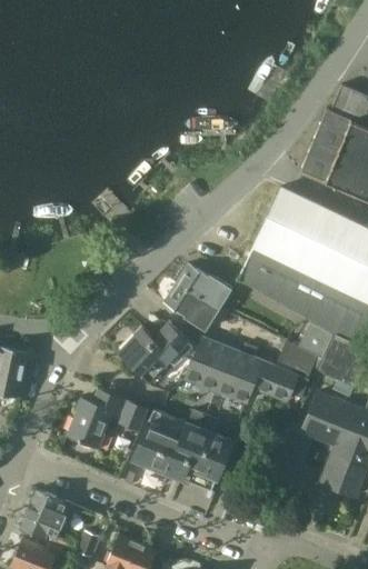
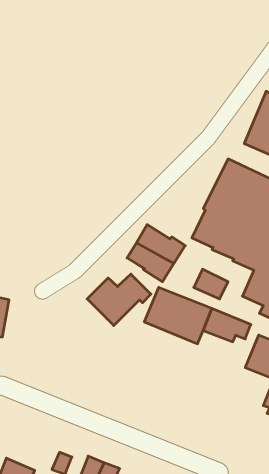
building: [277,345,317,379] -> [194,269,228,299]
building: [67,393,148,449] -> none
building: [135,412,231,492] -> none
building: [21,491,69,539] -> none

